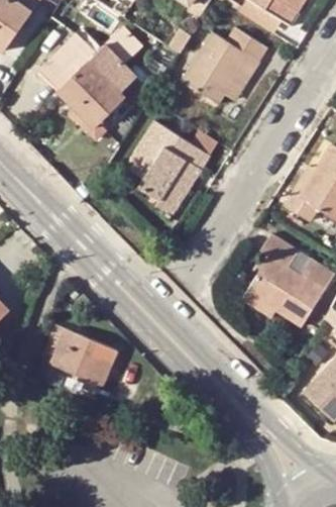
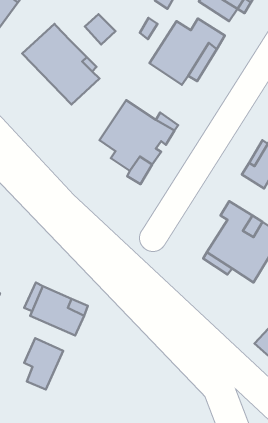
building: none -> [24,338,63,390]

